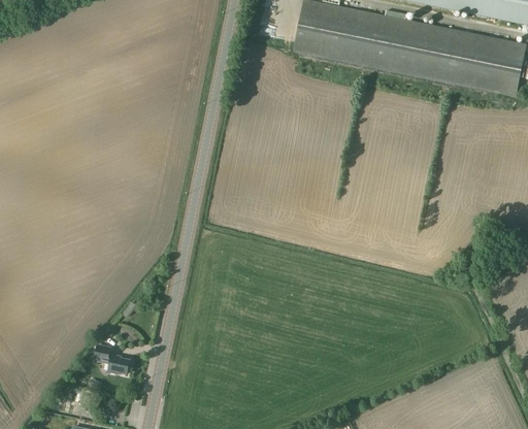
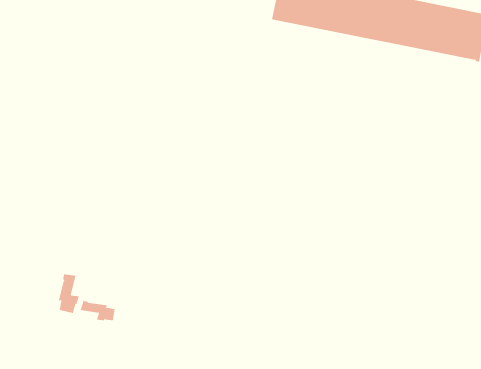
building: none -> [58,274,80,314]

